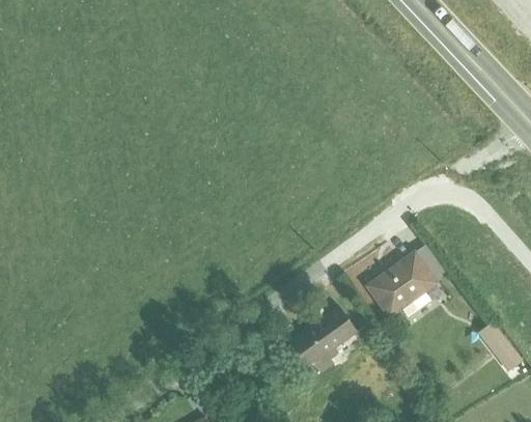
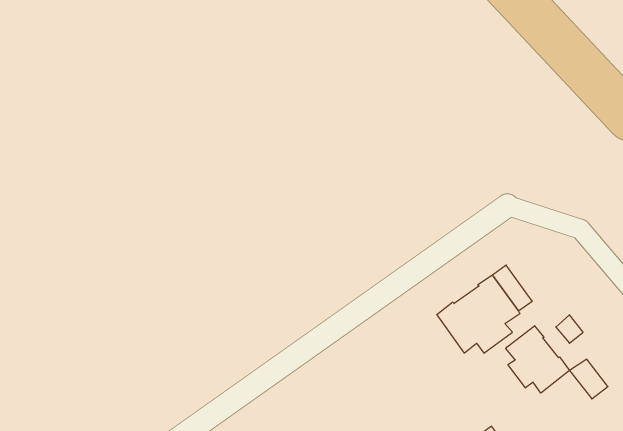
building: none -> [506,326,569,393]
building: [287,306,356,377] -> none

